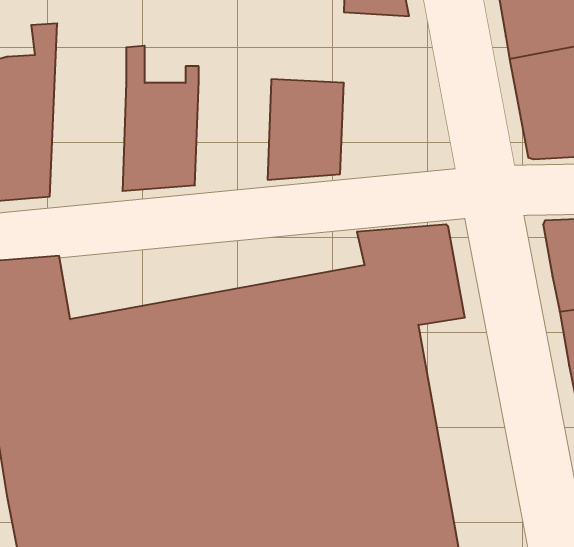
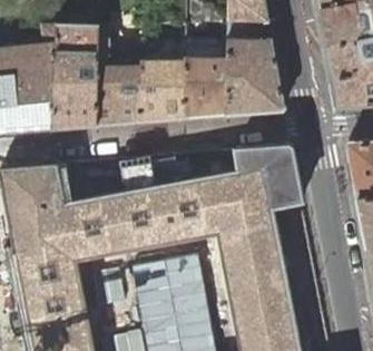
building: none -> [225,19,283,116]
building: none -> [51,26,97,129]
building: none -> [138,46,184,123]

